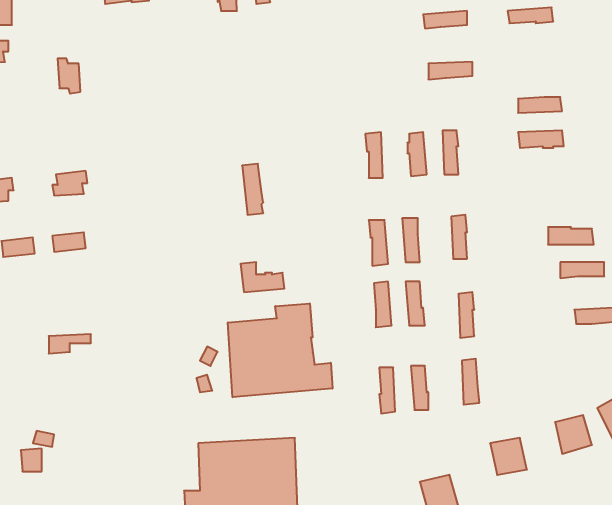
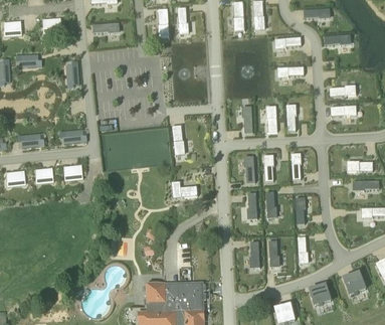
building: [228,303,332,397] -> none

